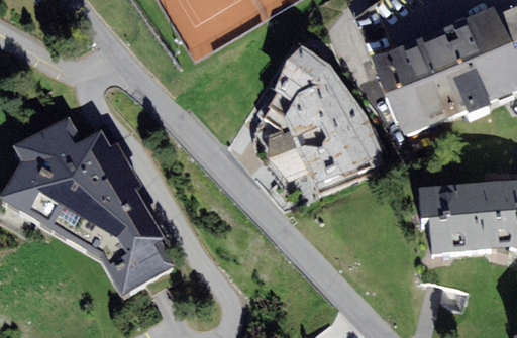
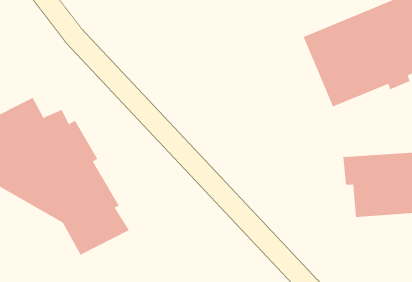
building: [266,41,386,191] -> none

